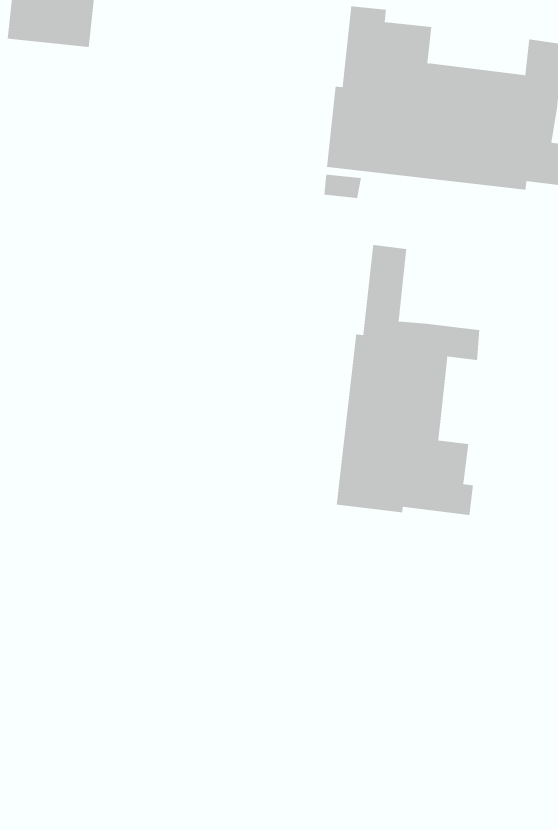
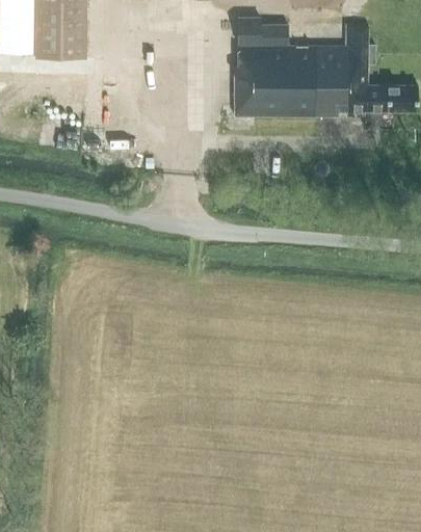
building: [336,244,480,516] -> none

